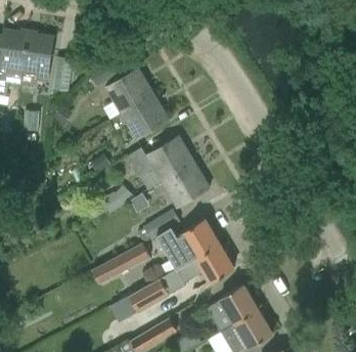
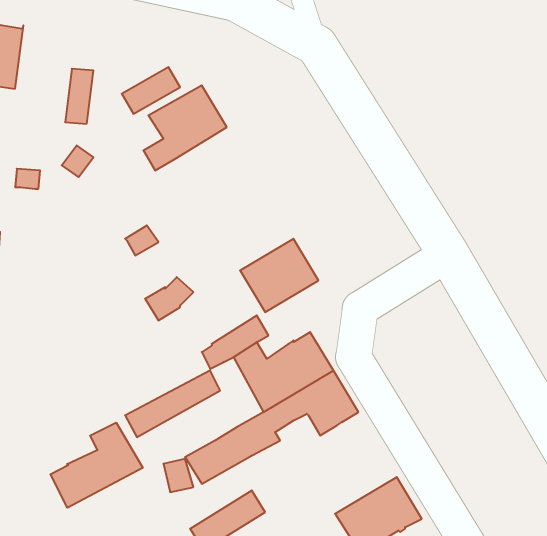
building: [21,31,54,86] -> none
building: [122,93,169,138] -> none
building: [128,135,194,188] -> none
building: none -> [50,423,143,508]
building: [207,283,258,331] -> none

